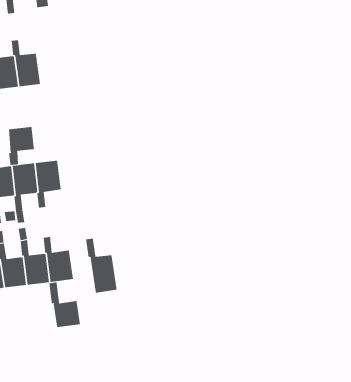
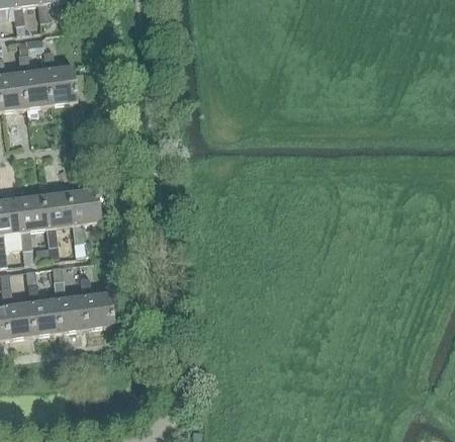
building: [9,126,35,166] -> none
building: [86,238,117,293] -> none
building: [49,282,81,328] -> none

